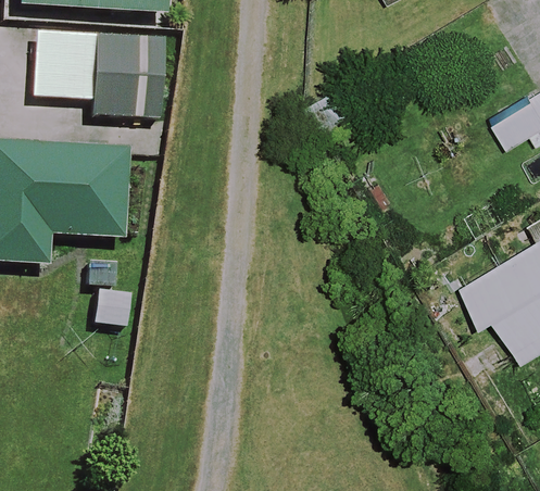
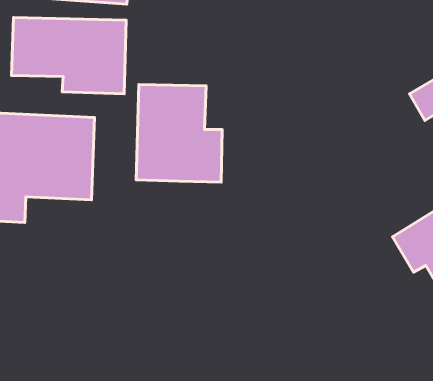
building: none -> [136,85,222,182]

